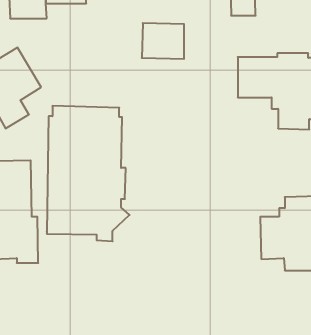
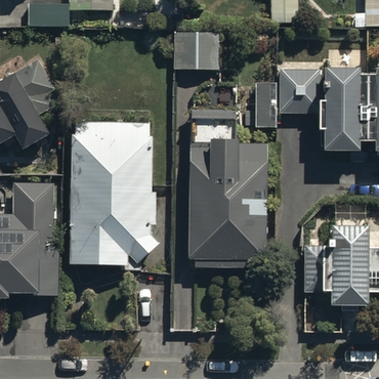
building: none -> [188,136,266,267]

